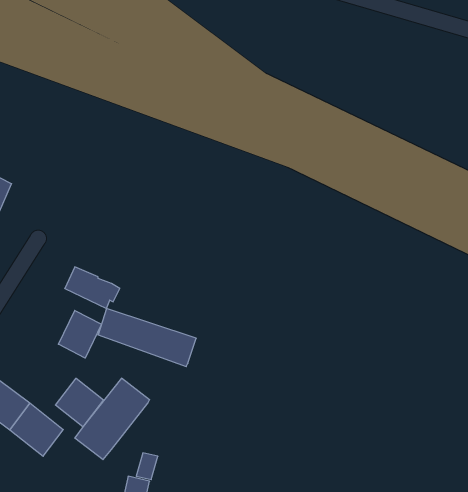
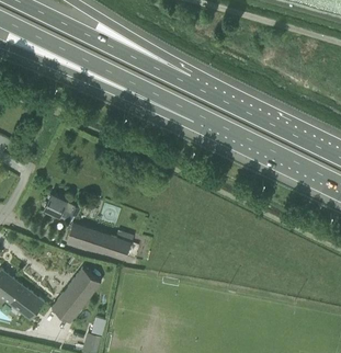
building: [58,310,101,358] -> none
building: [55,378,104,427] -> none

